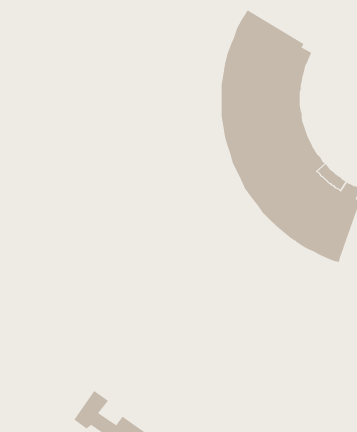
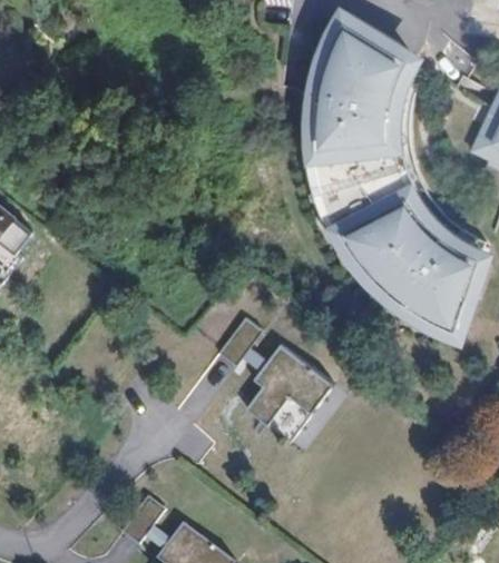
building: none -> [216,315,331,441]

